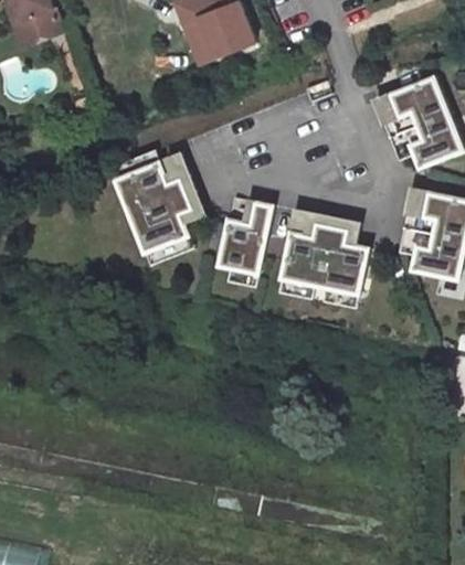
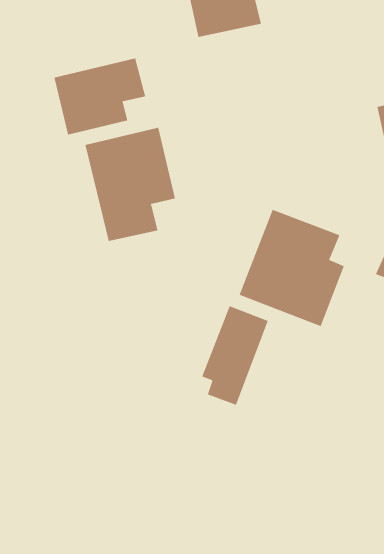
building: none -> [54,58,146,135]
building: [220,195,273,286] -> [201,305,269,406]

